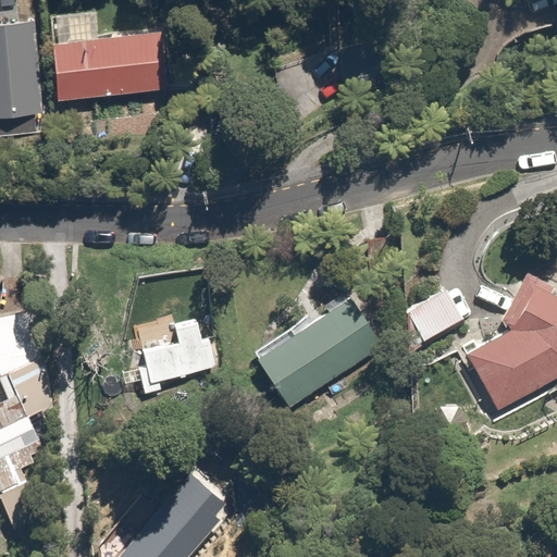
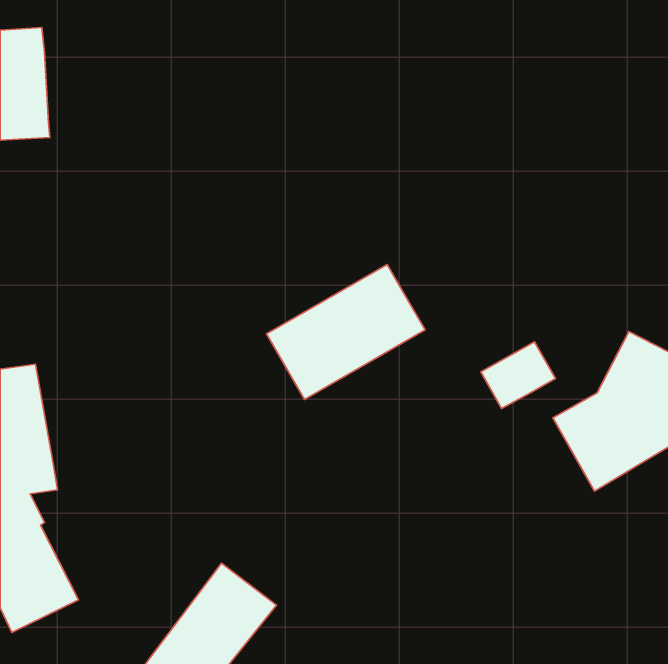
building: [47,35,153,98] -> none
building: [250,295,382,407] -> [267,264,425,399]
building: [128,318,211,397] -> none

